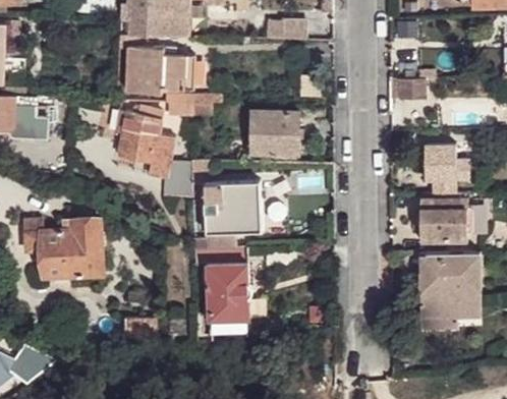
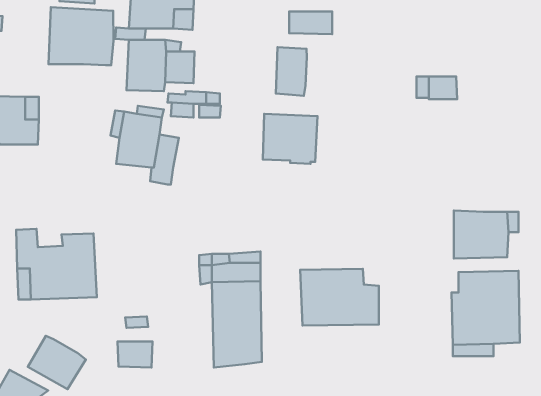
building: none -> [49,7,113,65]
building: none -> [276,47,307,96]
building: [424,144,455,180] -> none
building: [163,160,191,197] -> none
building: [203,181,273,232] -> [300,269,379,326]
building: none -> [28,336,86,389]

